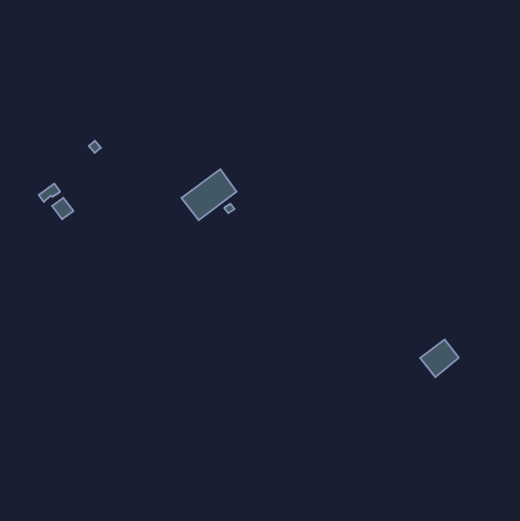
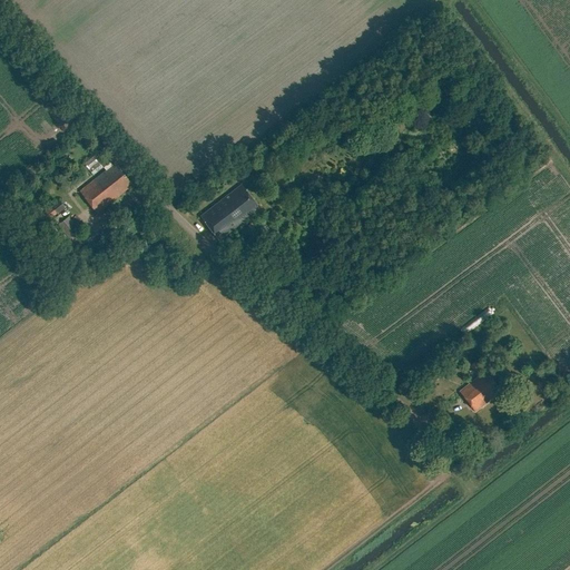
building: none -> [79,164,131,213]

